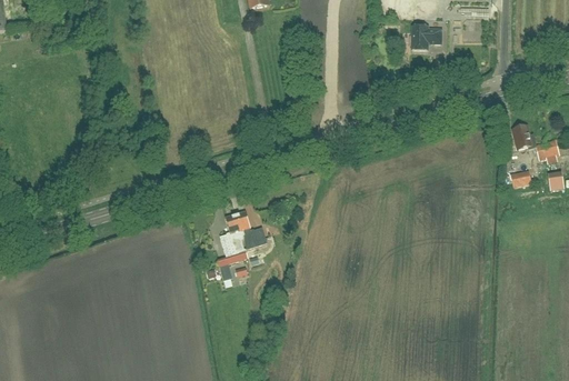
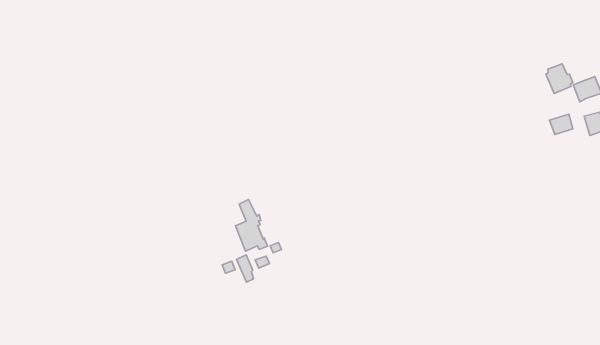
building: [236,211,267,249] -> none

